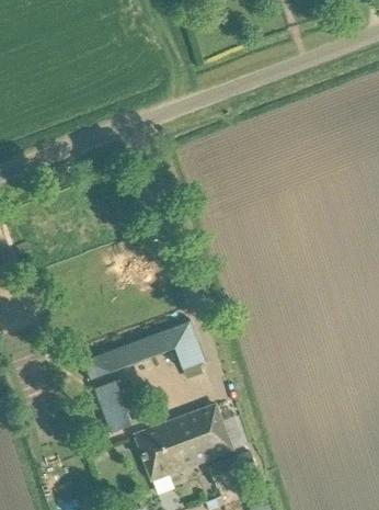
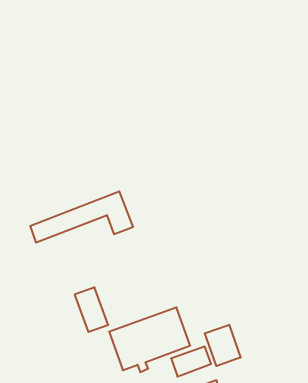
building: [82,319,206,381] -> [30,191,133,242]
building: none -> [205,325,241,366]

